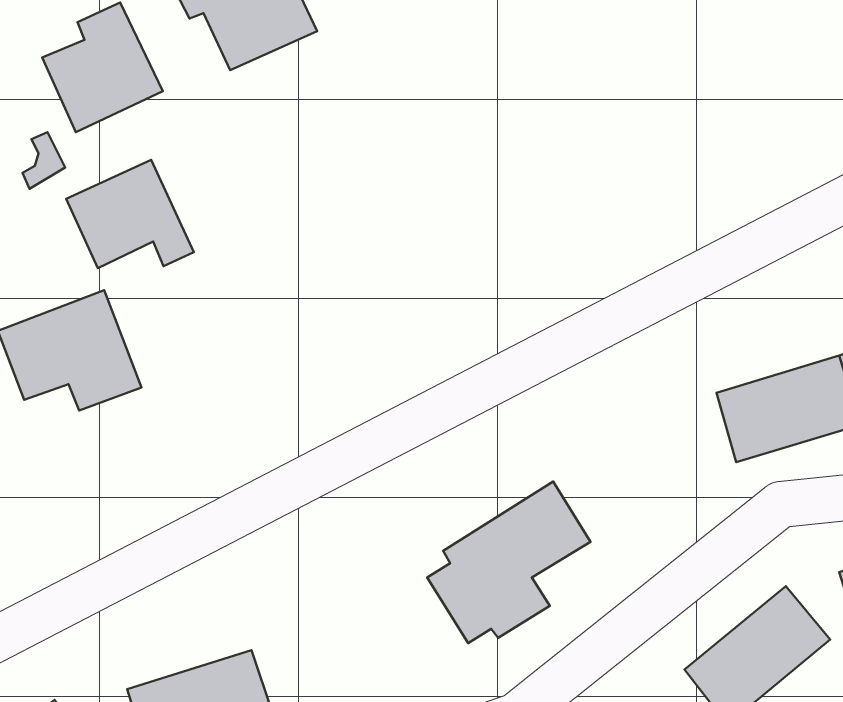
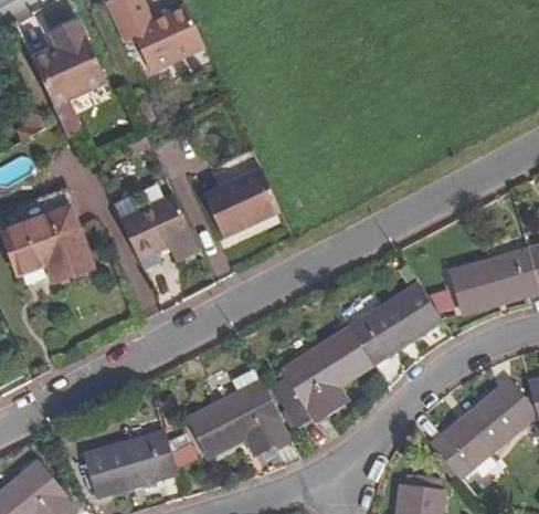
building: [66,160,194,268] -> [118,193,198,261]
building: none -> [201,169,281,237]
building: none -> [350,284,442,364]
building: none -> [189,380,287,455]

